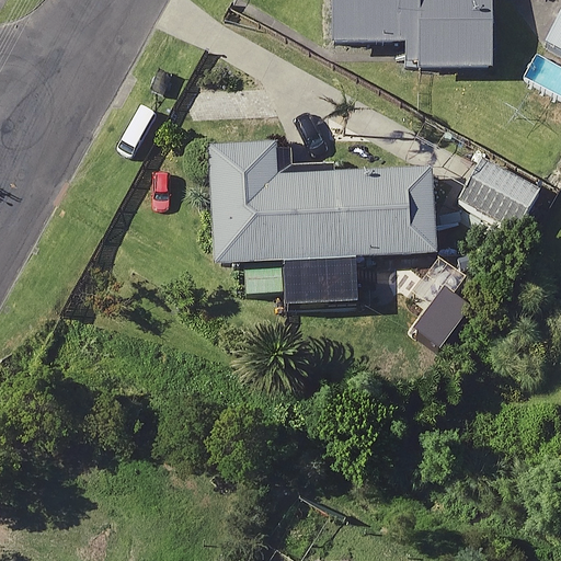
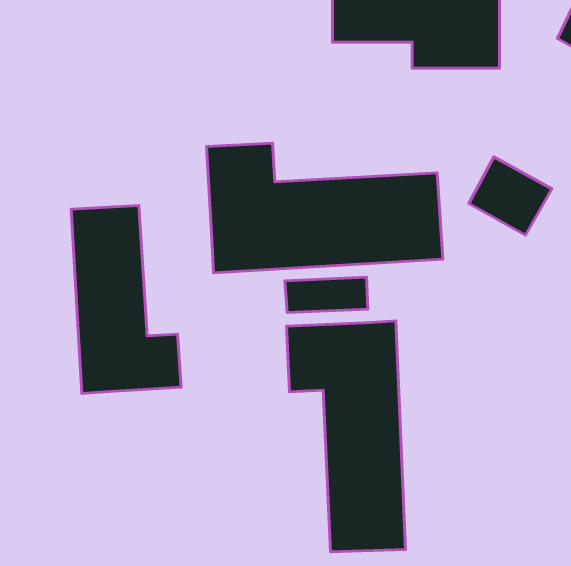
building: none -> [71,206,181,393]
building: none -> [286,321,405,552]

